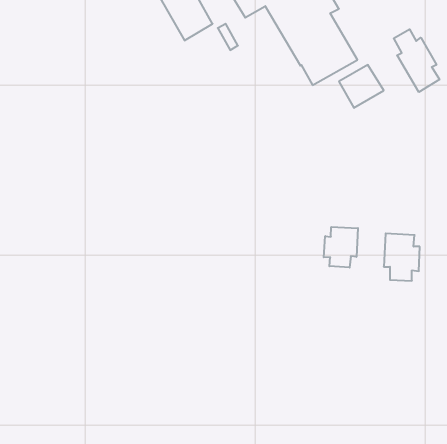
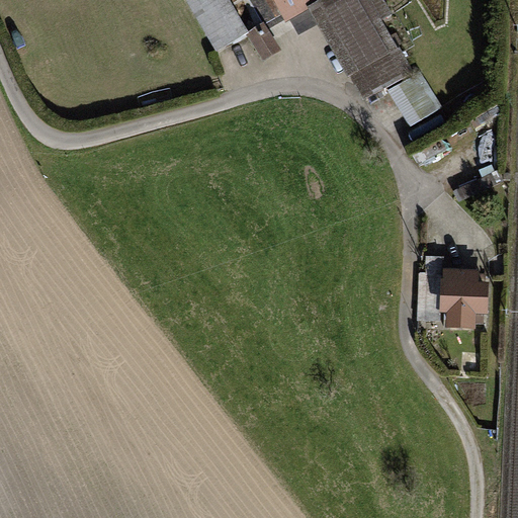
building: [394,29,439,92] -> none
building: [324,227,358,268] -> none

